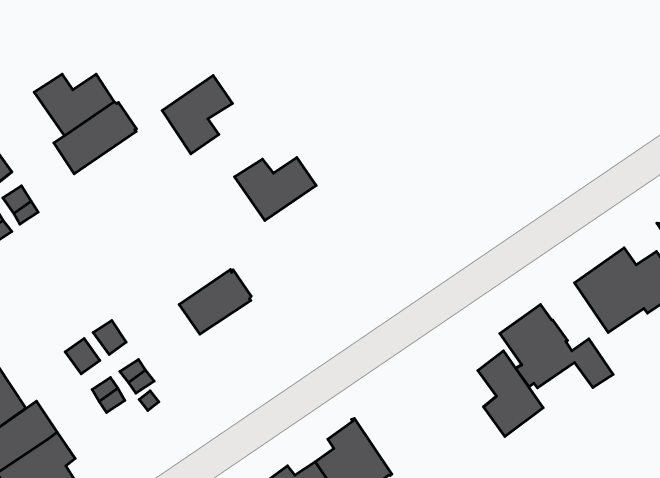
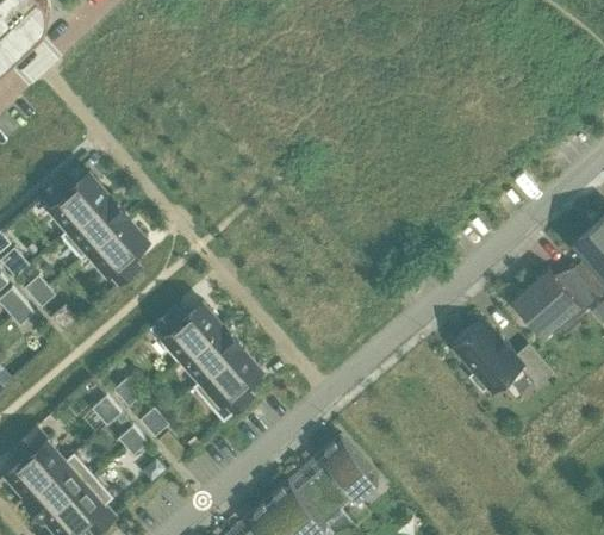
building: [162,75,233,154] -> [89,219,148,287]
building: [235,157,316,220] -> [152,304,222,360]
building: none -> [194,349,261,424]
building: [478,351,543,436] -> none

